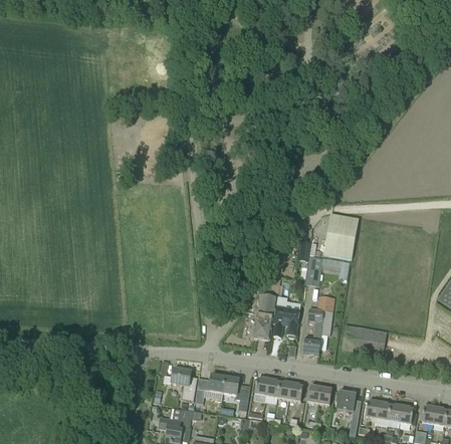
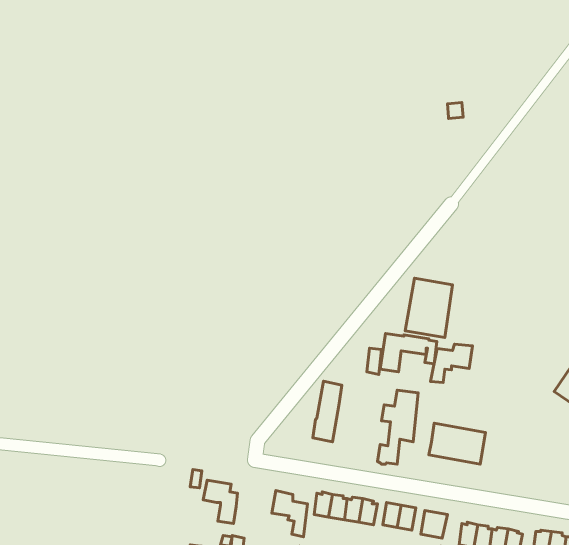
building: none -> [431,344,473,383]
building: [274,307,299,337] -> none
building: [195,373,226,403] -> none

